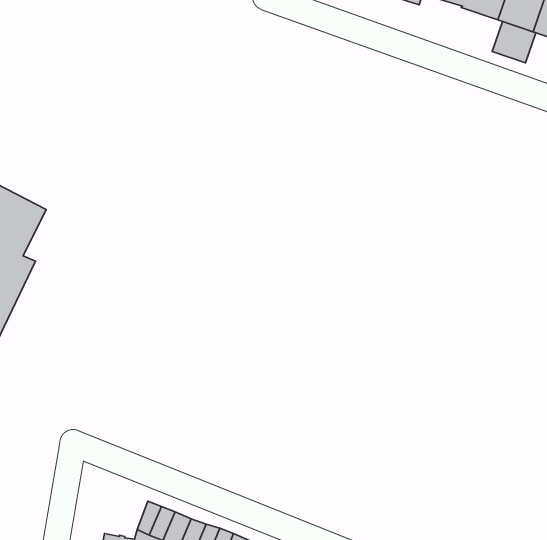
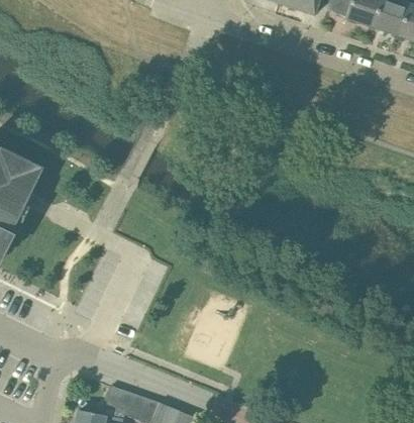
building: [492,21,536,63] -> none

